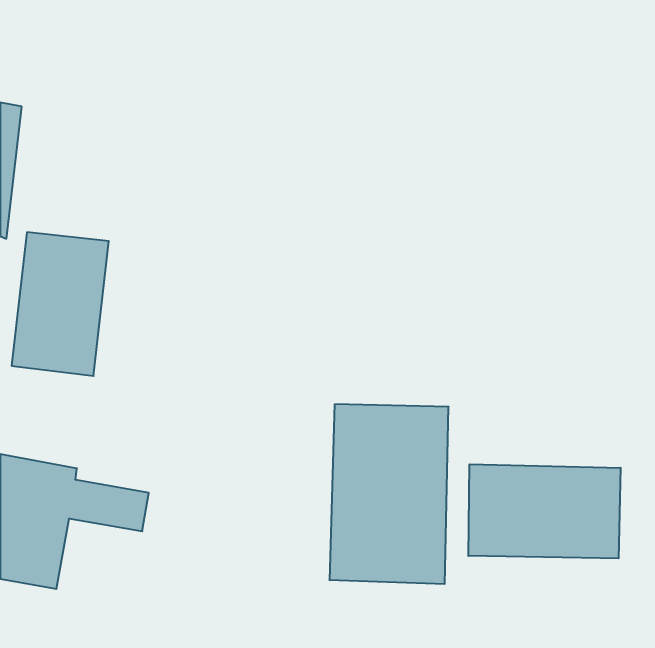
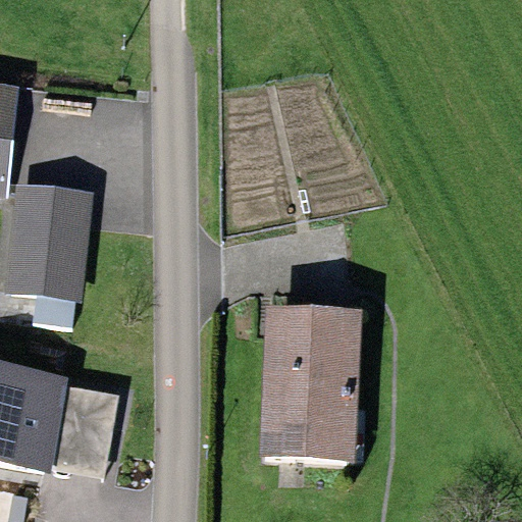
building: [468,464,621,558] -> none
building: none -> [45,412,113,478]

